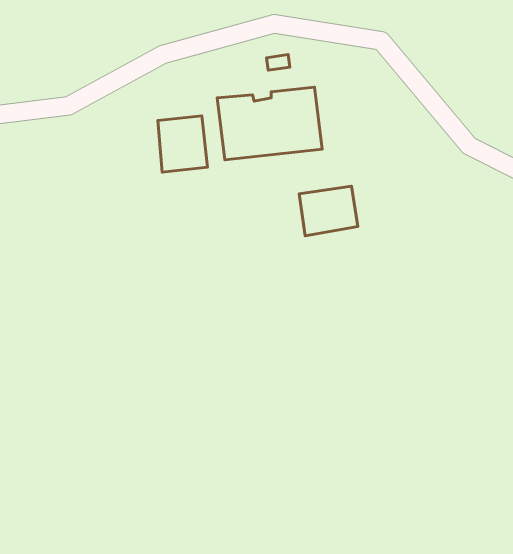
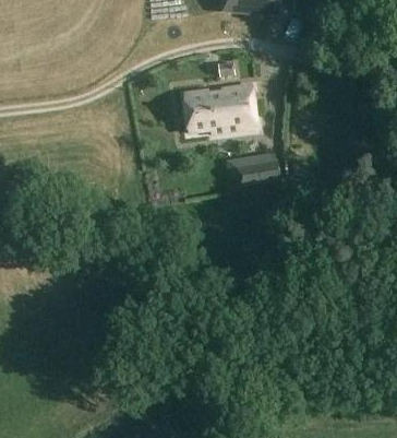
building: [158,116,208,172] -> none

